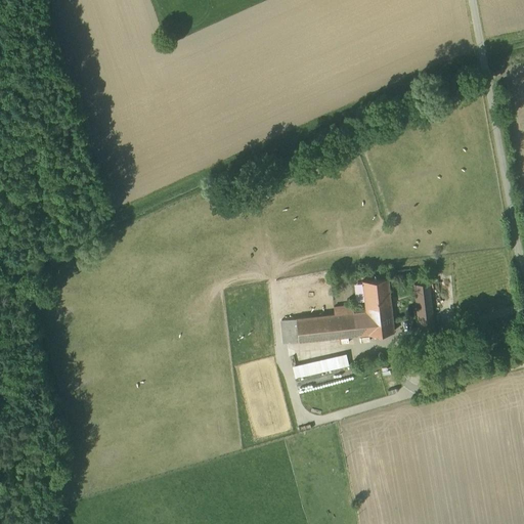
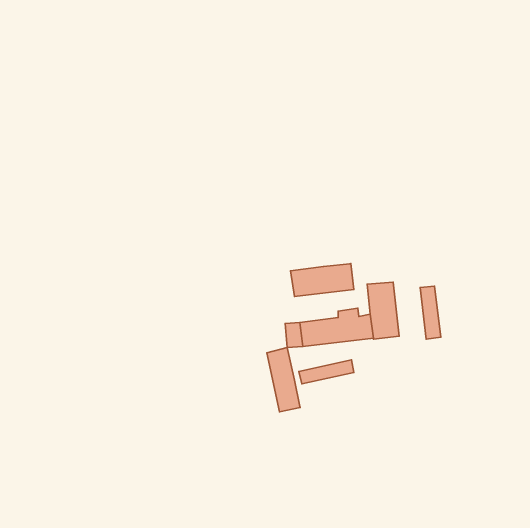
building: none -> [290,264,354,297]
building: none -> [267,348,300,412]

